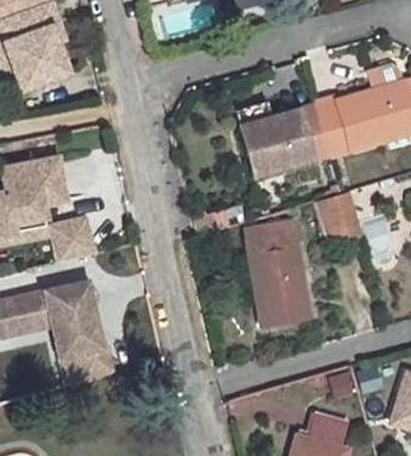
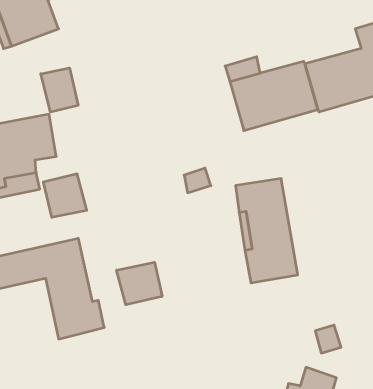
building: none -> [41,68,78,112]
building: [320,188,362,238] -> none
building: none -> [117,262,162,305]

